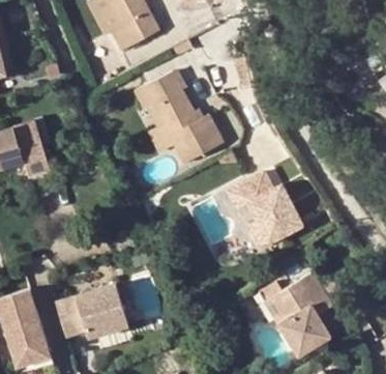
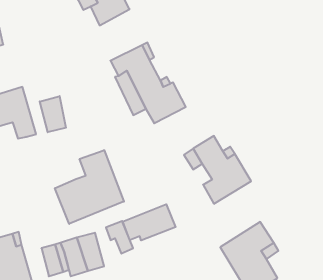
building: none -> [40,96,66,132]
building: none -> [55,150,124,224]
building: none -> [123,204,176,240]

